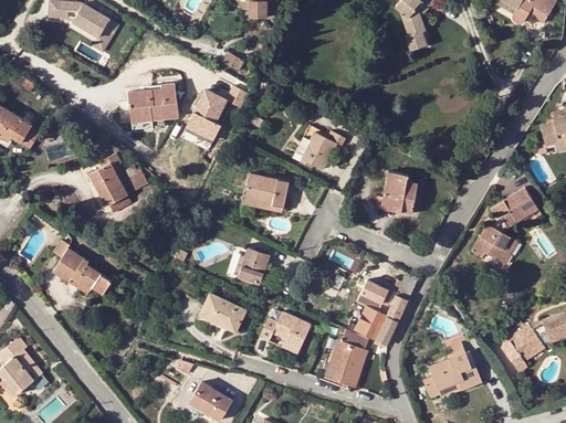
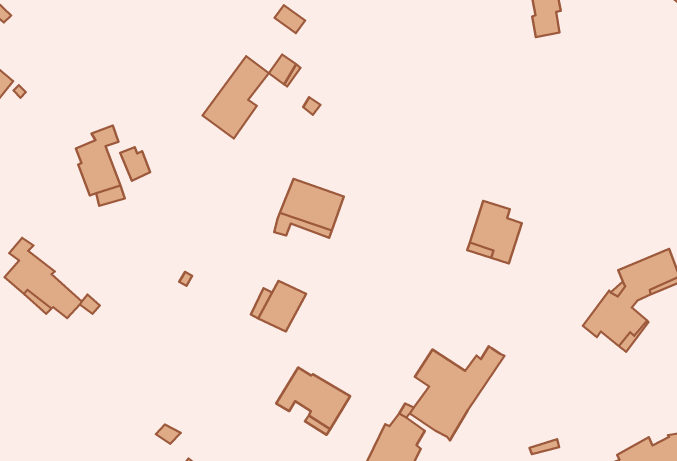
building: [128,84,177,129] -> none
building: [292,125,344,169] -> none
building: [200,293,244,331] -> none

